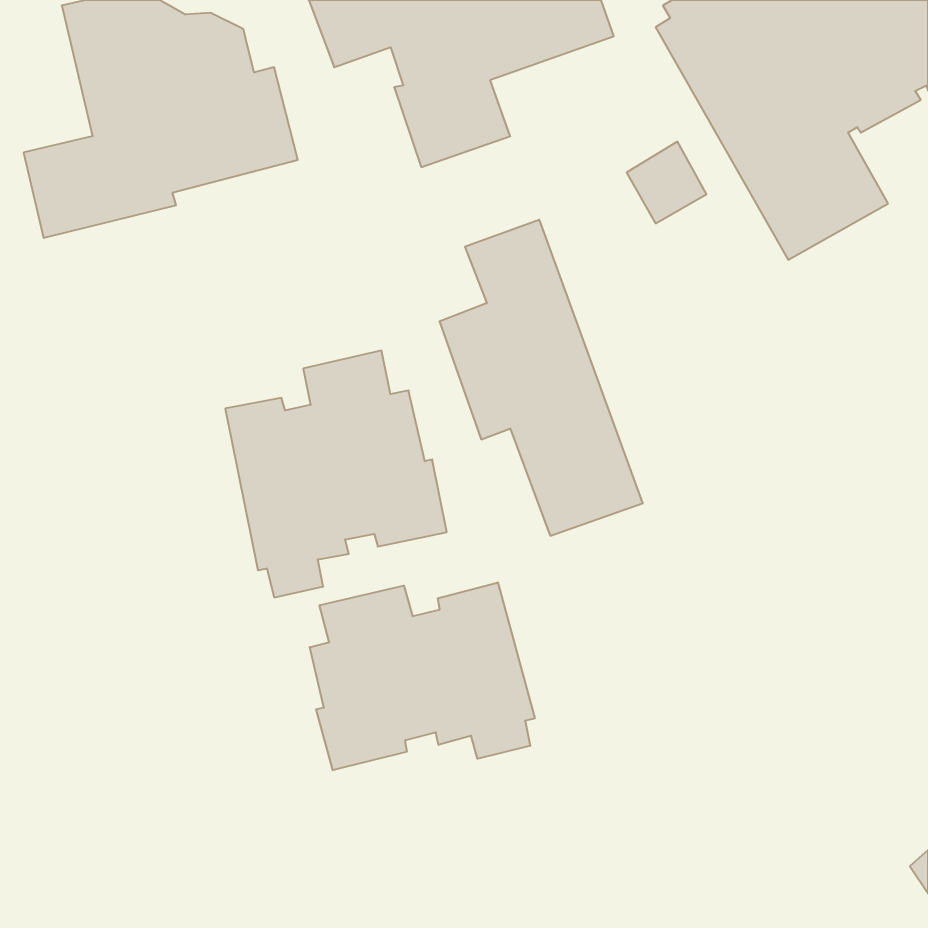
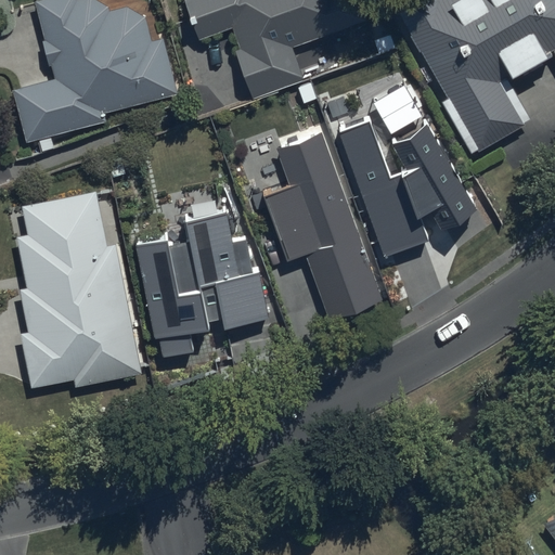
building: none -> [339,117,477,258]
building: none -> [17,194,142,389]
building: [310,582,535,770] -> none

